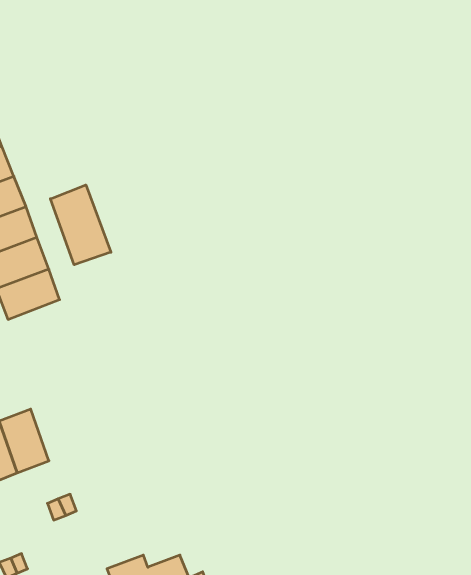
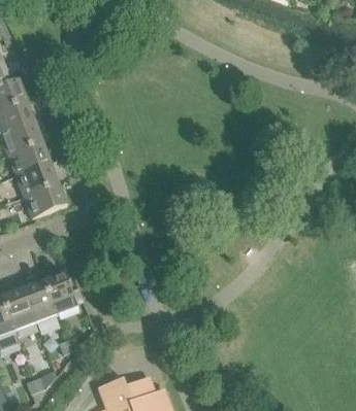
building: [50,185,111,265] -> none
building: none -> [46,271,77,313]

